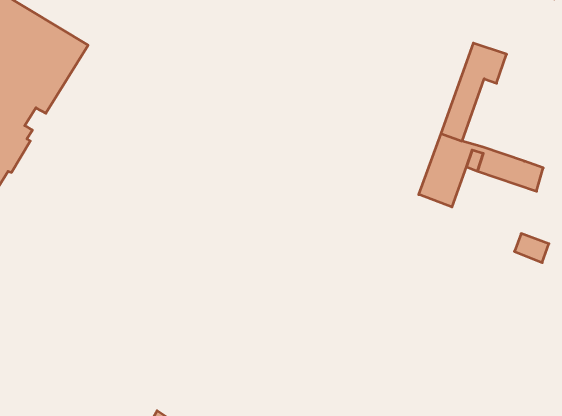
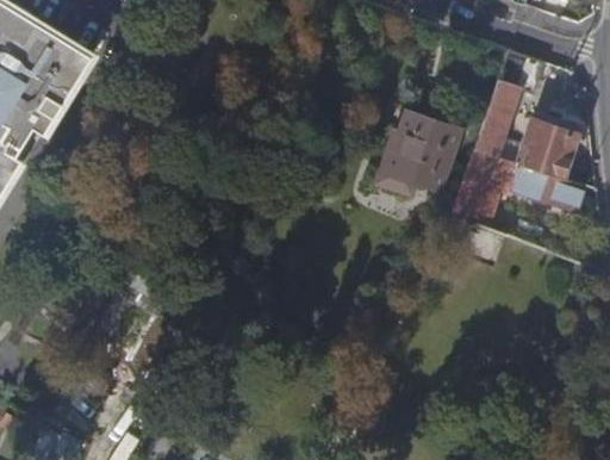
building: none -> [384,110,460,191]
building: none -> [517,118,577,178]

